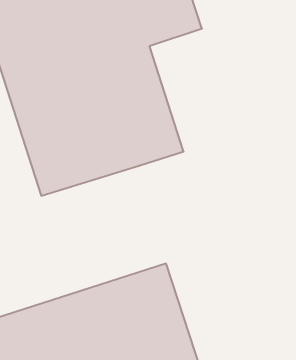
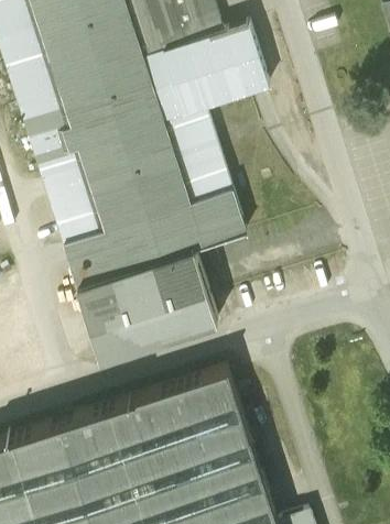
building: none -> [76,249,217,359]

